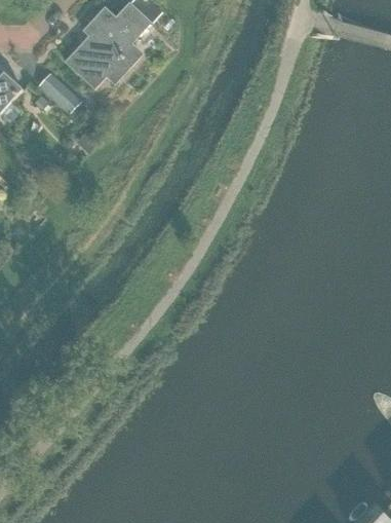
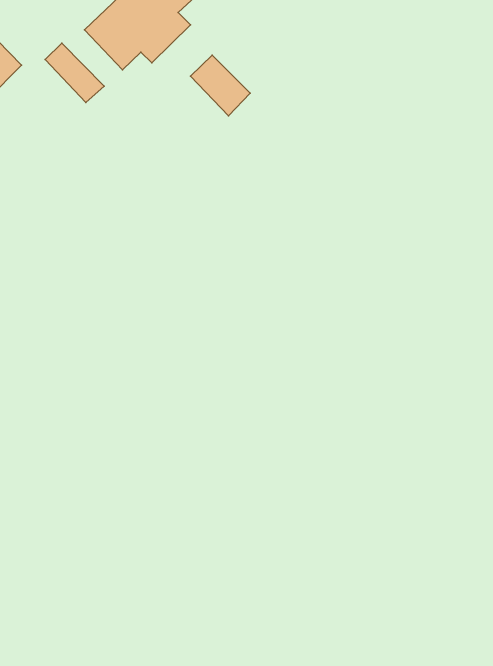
building: none -> [191,55,250,116]

